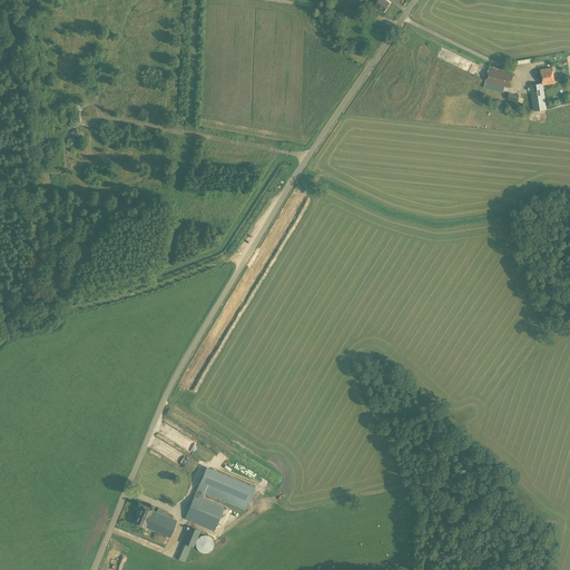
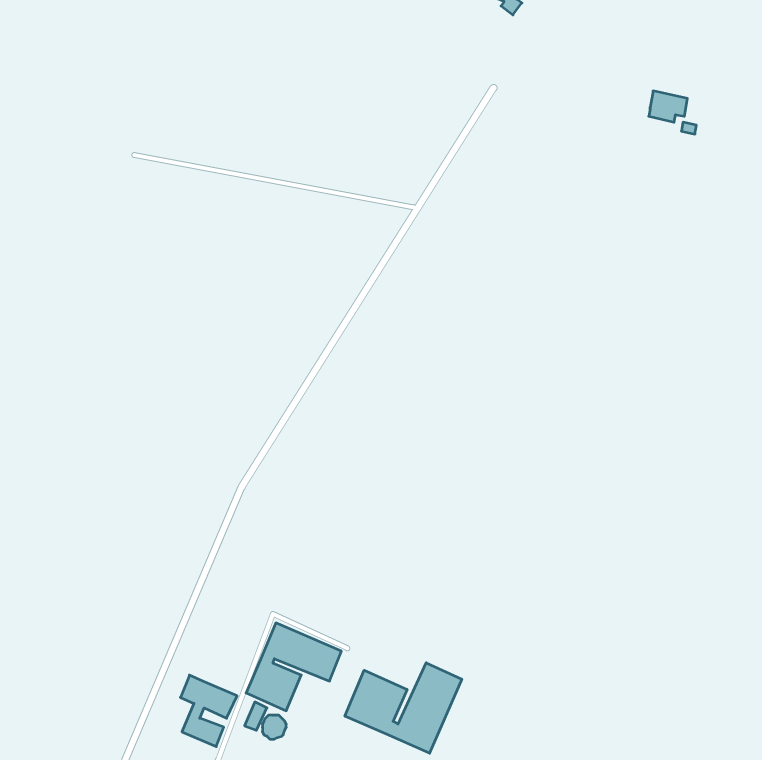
building: [530,67,554,110] -> none
building: none -> [345,663,462,753]

